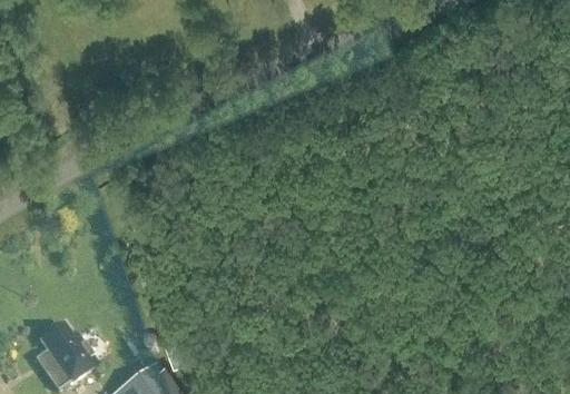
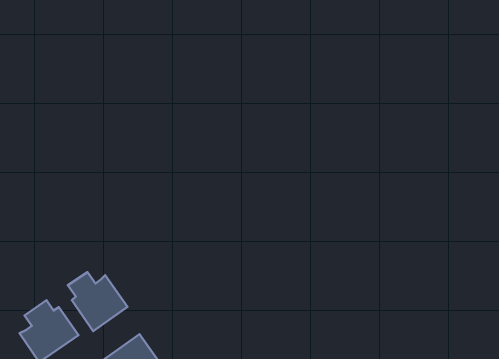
building: none -> [68,272,127,331]

